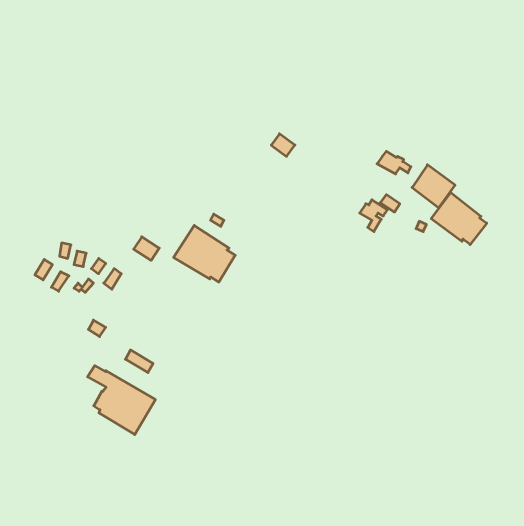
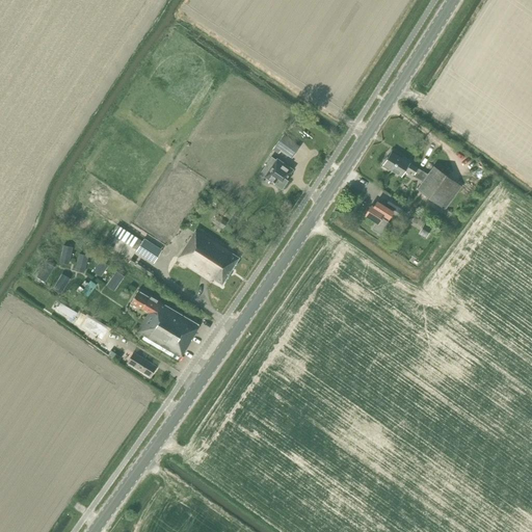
building: none -> [260,158,291,189]
building: [431,192,487,245] -> none
building: [88,366,155,435] -> [130,291,198,361]

